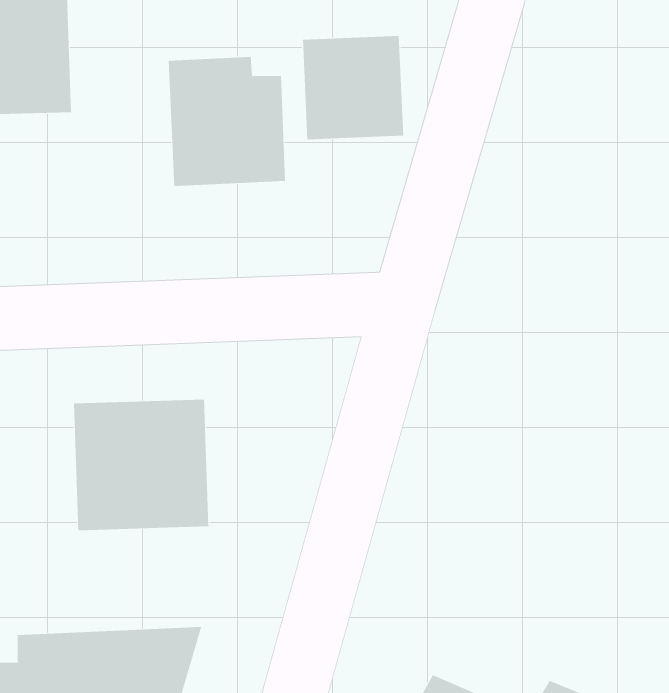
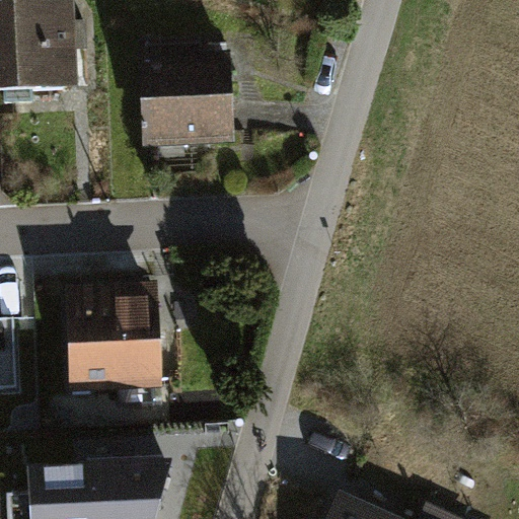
building: [302,35,404,140] -> none

